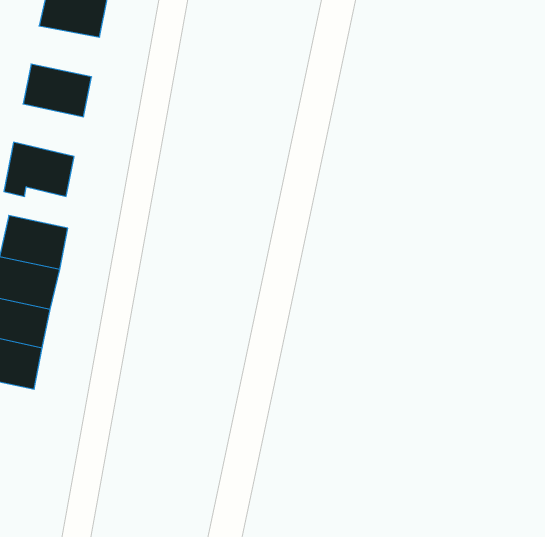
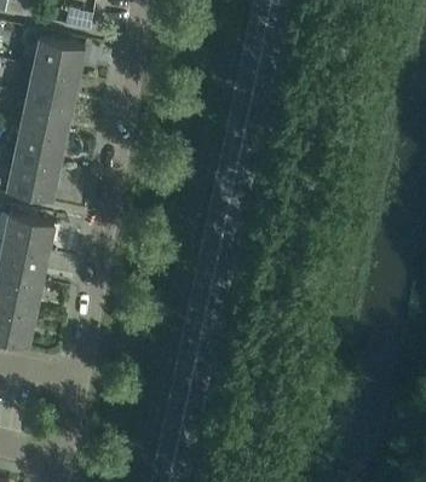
building: none -> [25,69,77,108]
building: none -> [12,128,65,168]

